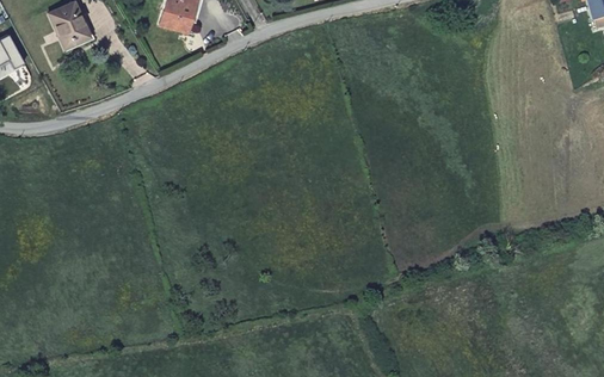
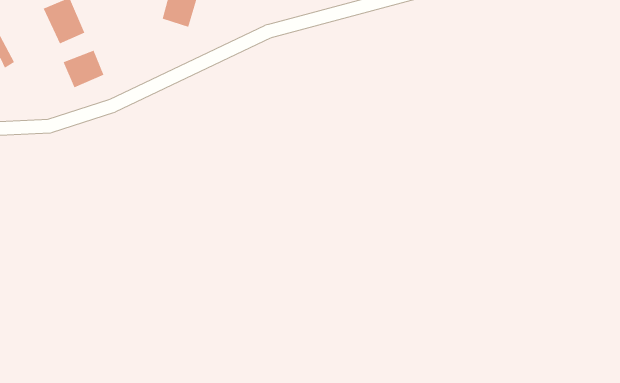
building: none -> [63,50,104,88]

